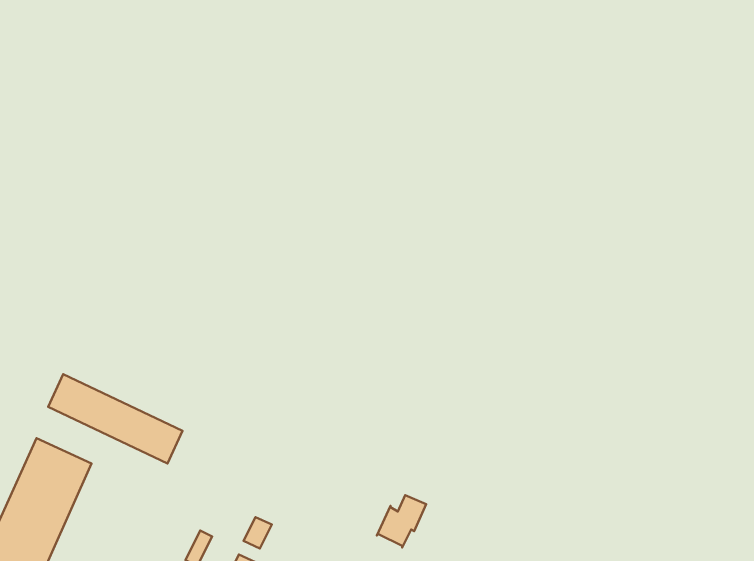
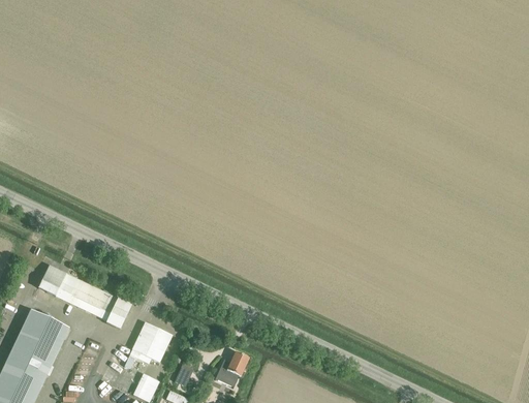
building: none -> [124,322,172,368]
building: [377,495,426,547] -> [215,351,249,388]

